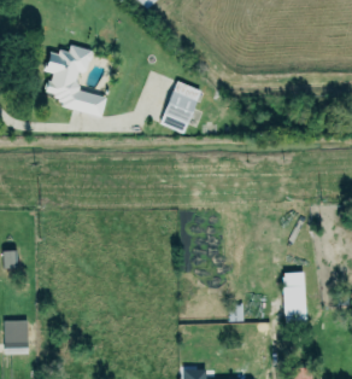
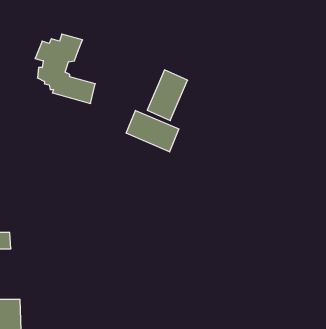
building: none -> [126,110,179,152]
building: [282,273,306,322] -> none

